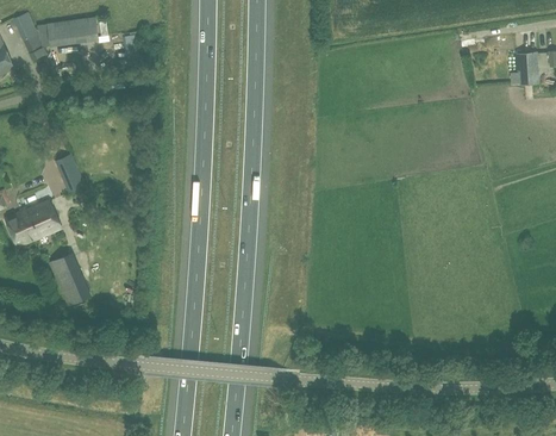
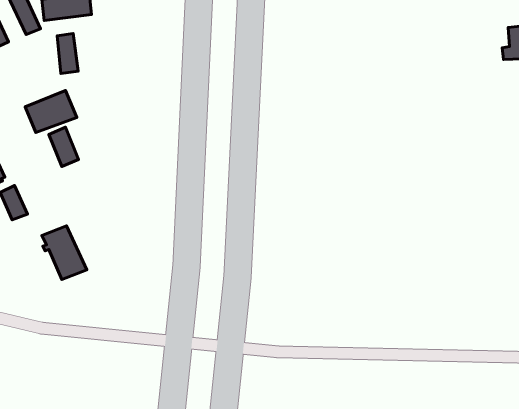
building: none -> [57,34,78,74]
building: none -> [25,90,77,133]
building: [20,199,61,239] -> none

